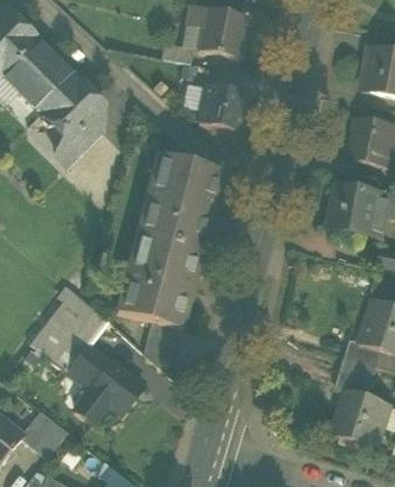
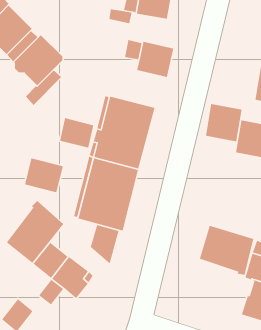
building: none -> [205,103,242,142]
building: none -> [59,117,94,149]
building: none -> [24,157,64,193]
building: none -> [199,225,254,276]

